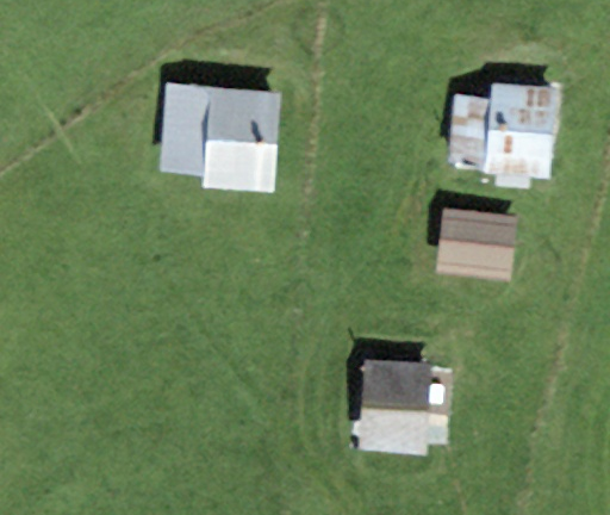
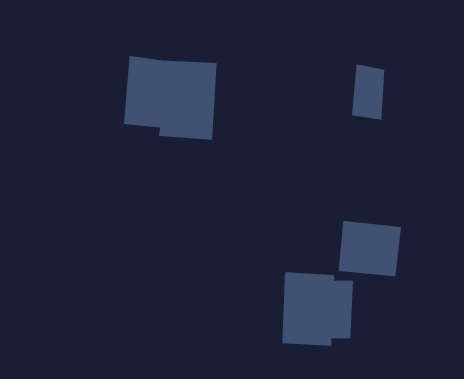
building: [487,85,554,176] -> none
building: [436,206,517,278] -> [338,220,402,277]

